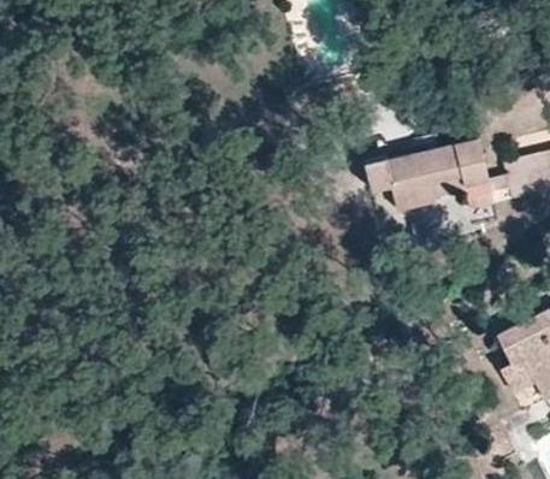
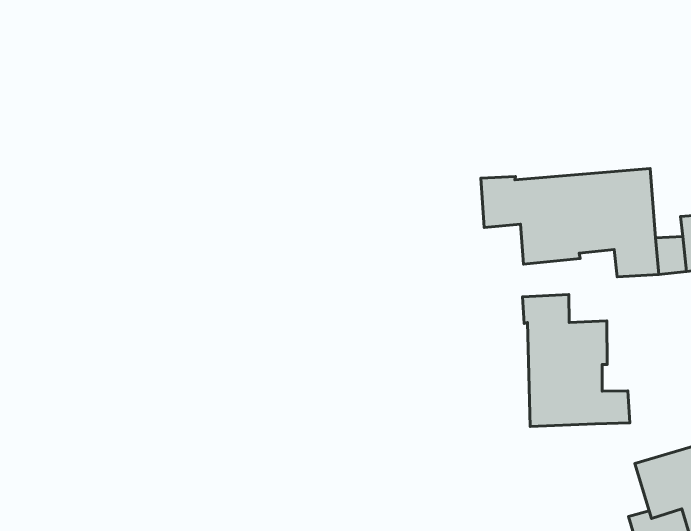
building: none -> [523,295,630,427]

